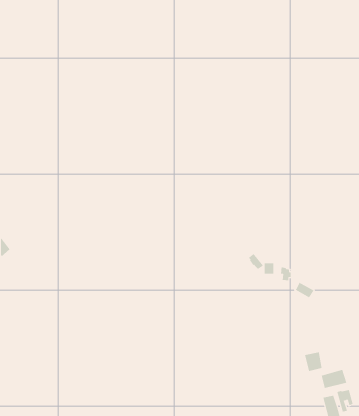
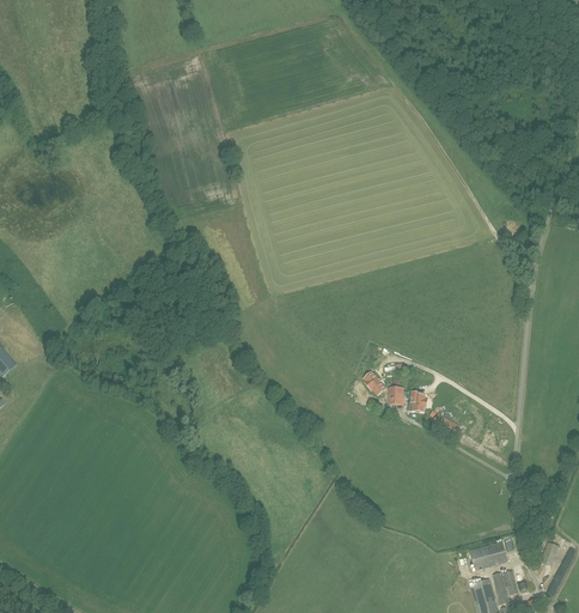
building: [305,351,322,372] -> none

